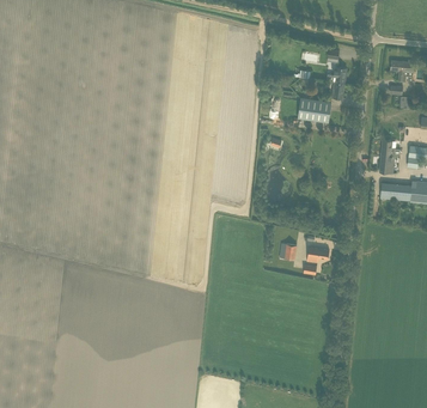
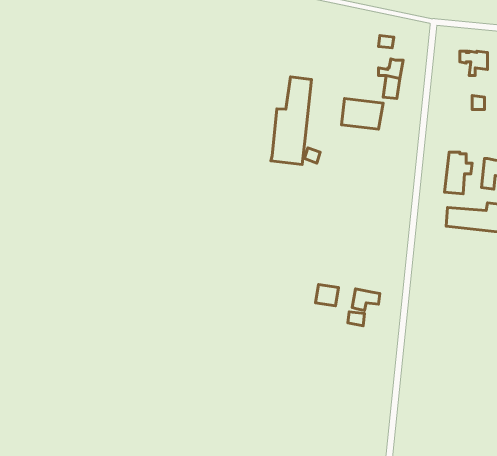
building: none -> [271,77,311,164]

